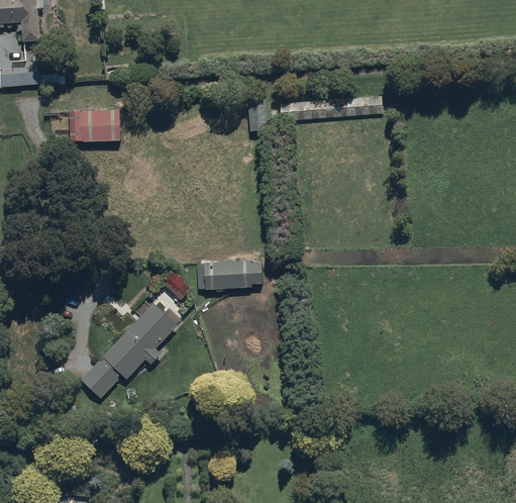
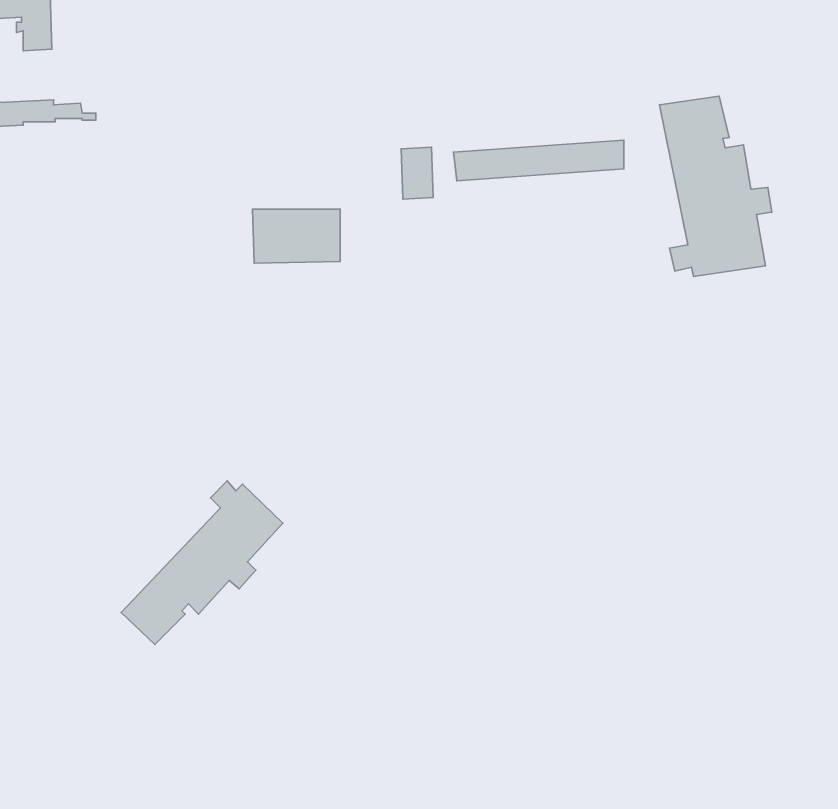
building: none -> [660,96,772,276]
building: [69,109,121,141] -> [252,209,340,263]
building: [197,260,263,291] -> none

